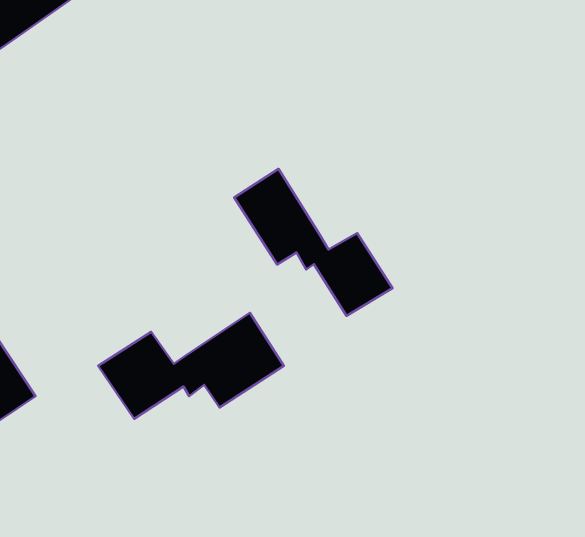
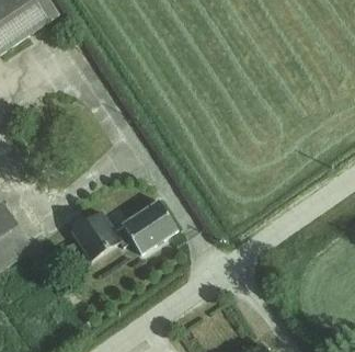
building: [234,169,393,316] -> none

